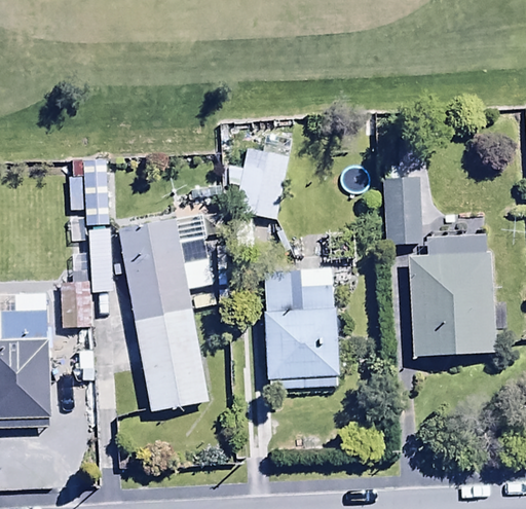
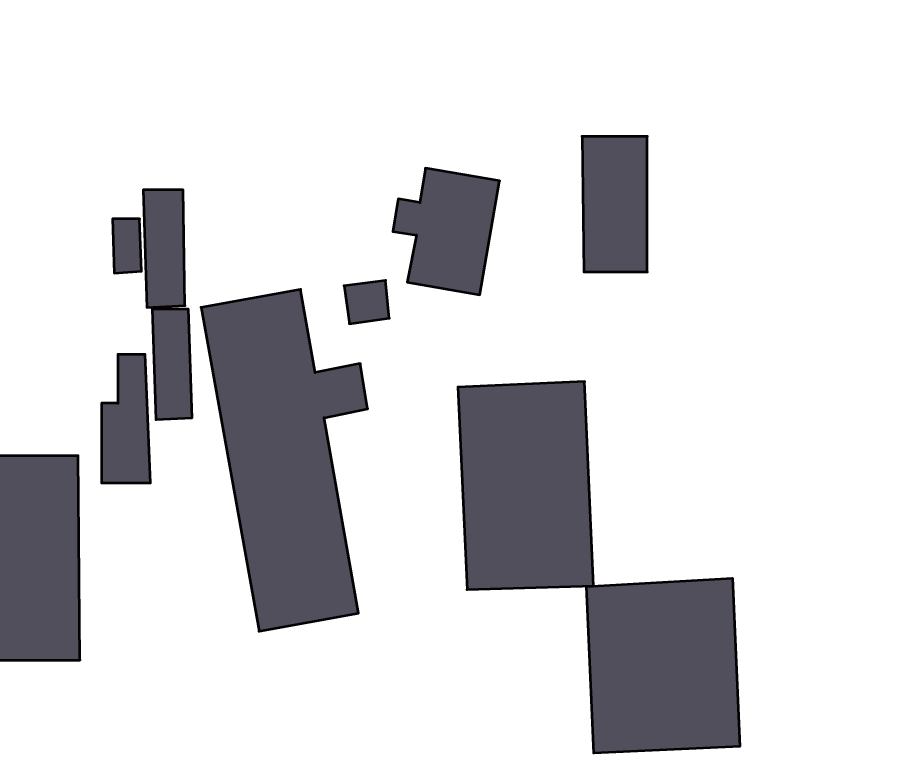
building: [384,167,421,244] -> [582,136,647,272]
building: [408,237,495,356] -> none
building: none -> [587,578,740,753]

